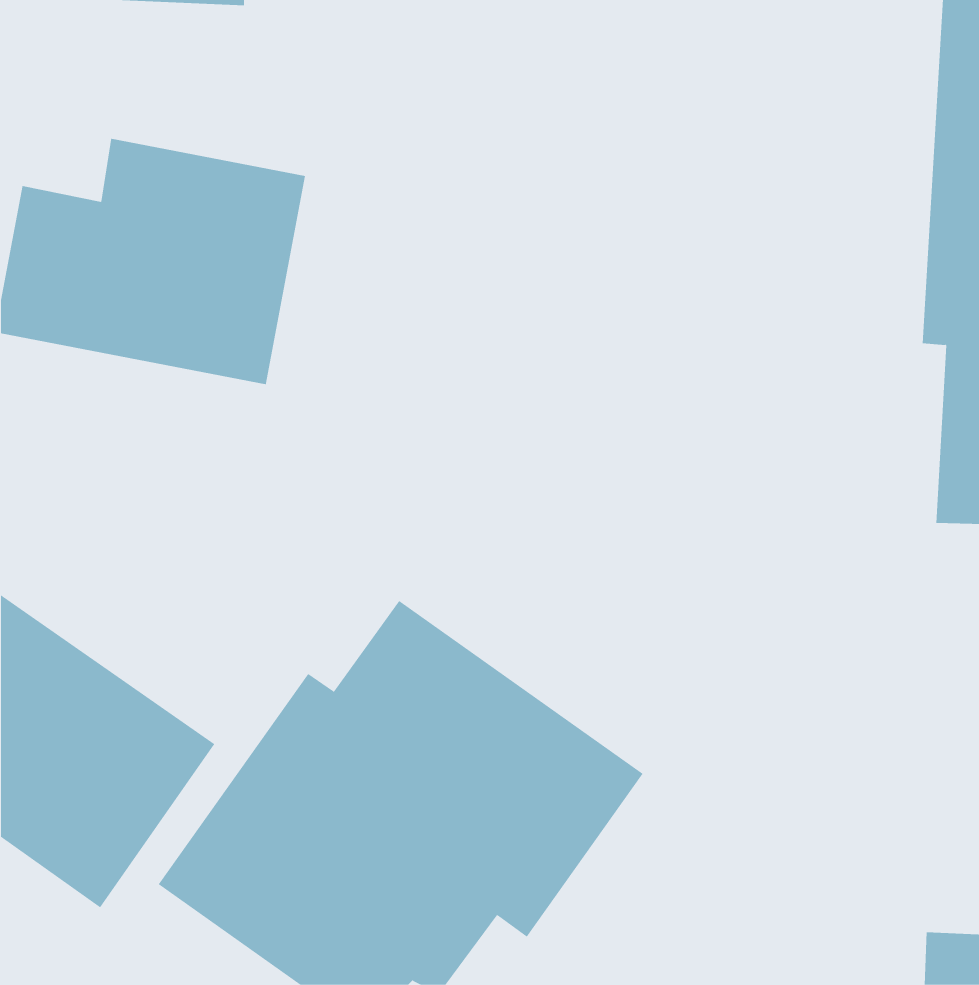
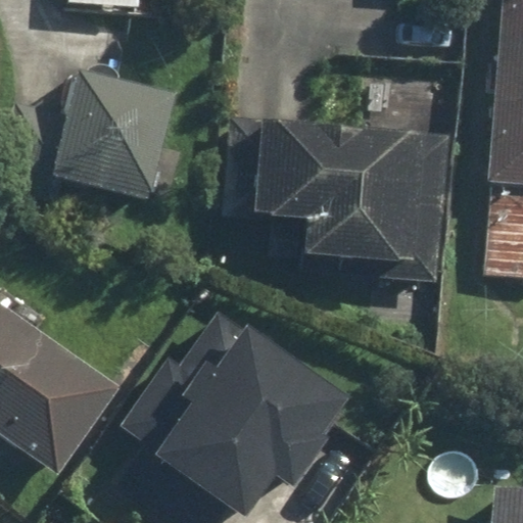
building: none -> [234,123,420,259]

